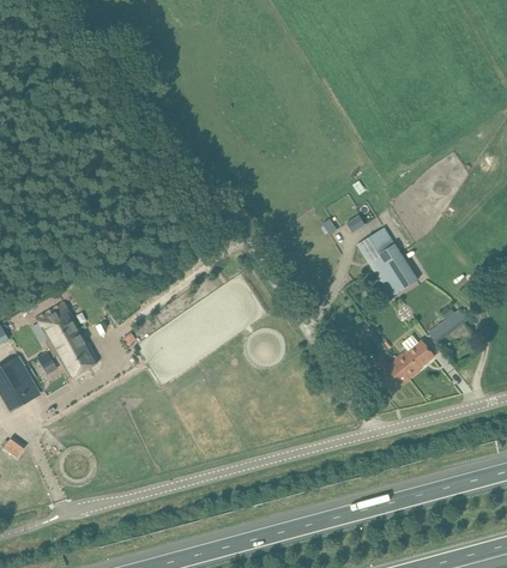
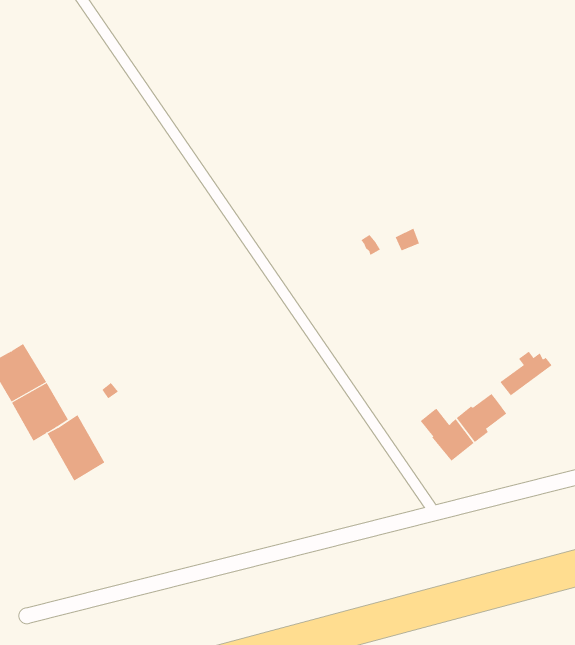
building: [357,228,416,296] -> none
building: none -> [47,414,105,482]

